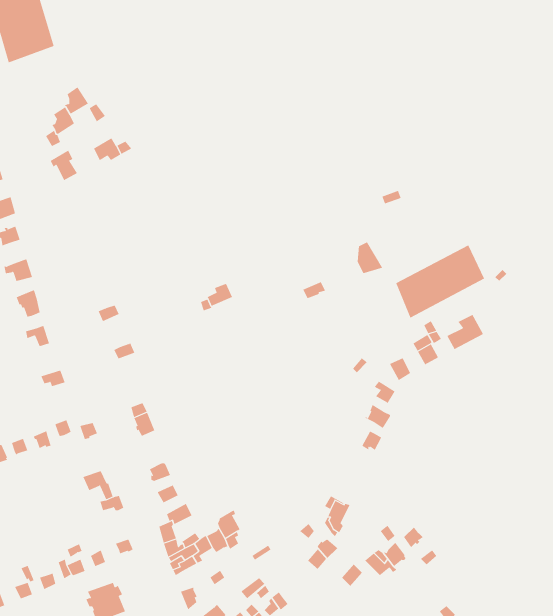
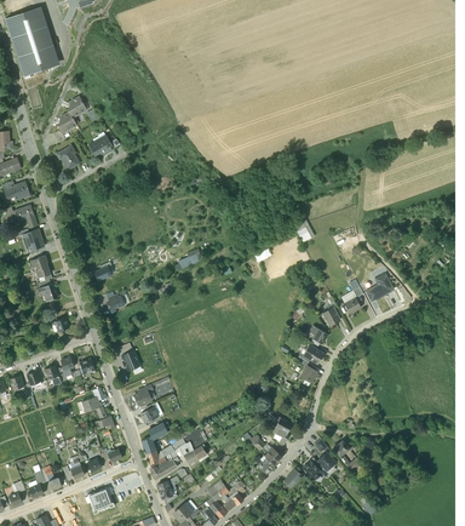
building: [395,244,485,318] -> none

